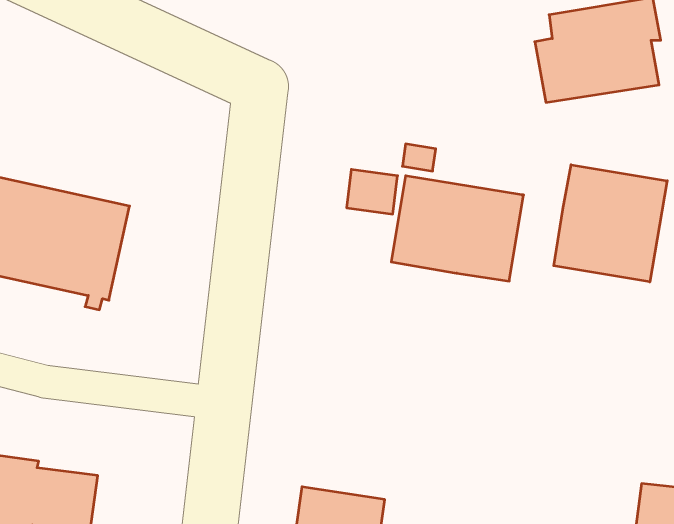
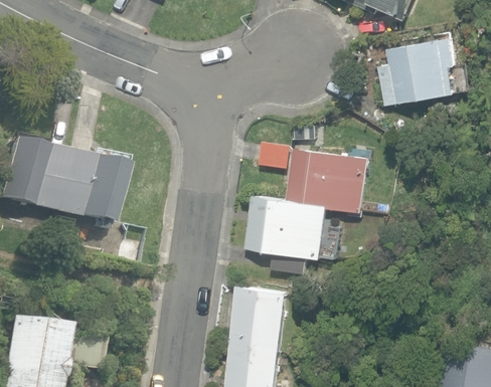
building: [554,165,667,282] -> none
building: none -> [243,194,327,274]
building: none -> [229,282,291,349]

